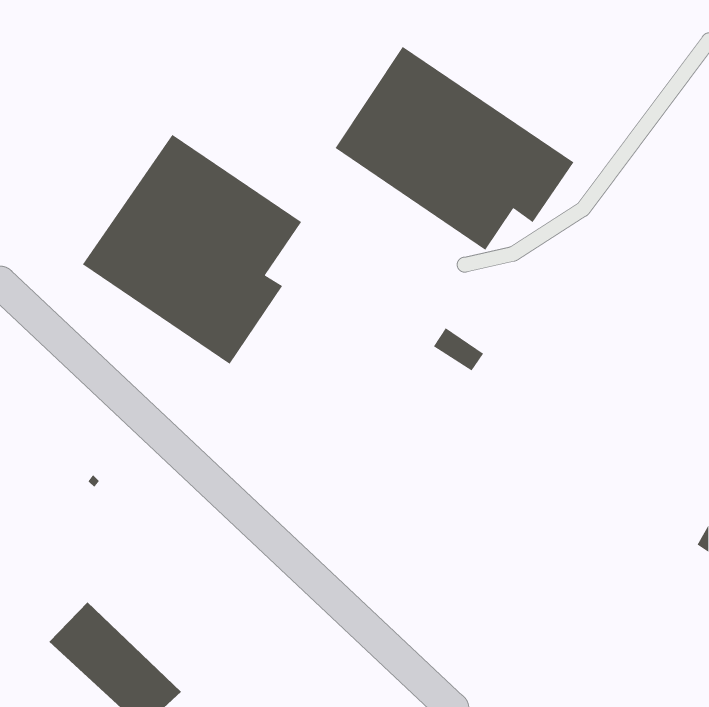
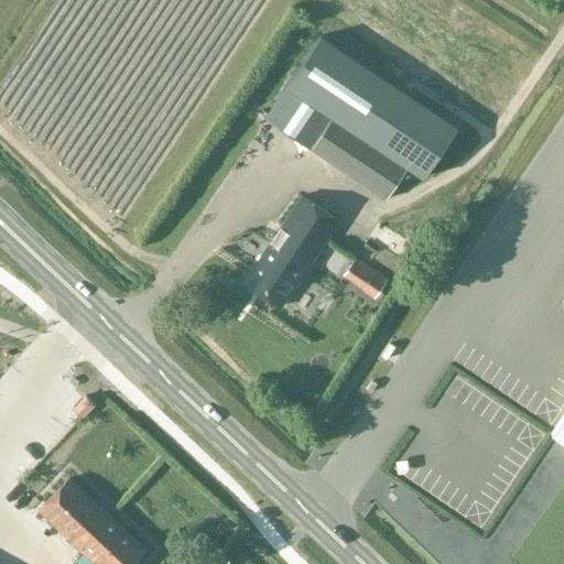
building: [82,134,302,365] -> none
building: none -> [243,197,338,307]

